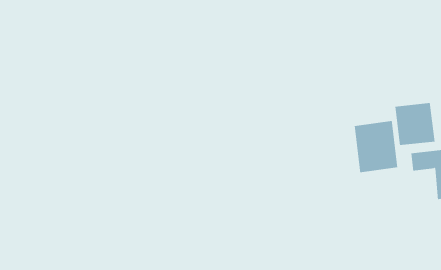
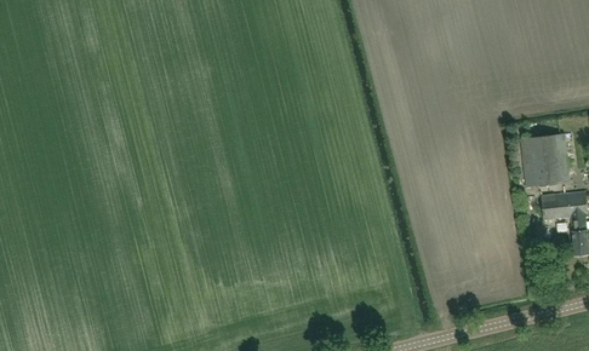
building: [354,120,398,173] -> none

